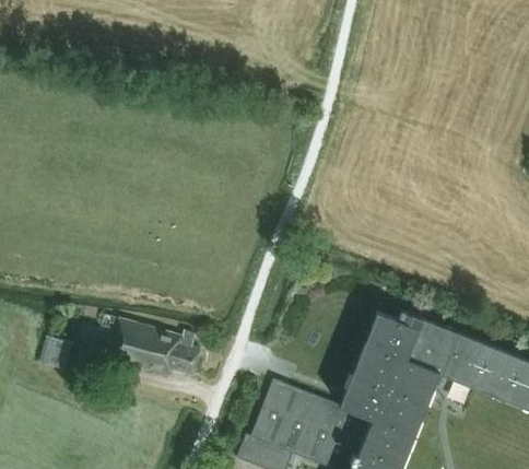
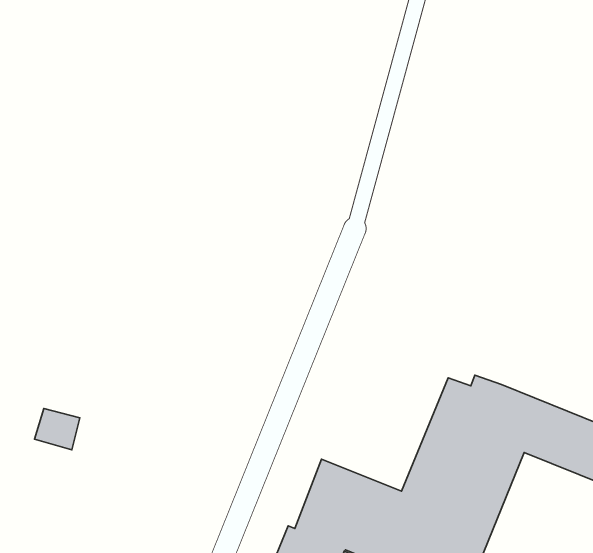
building: [109,319,202,377] -> none

